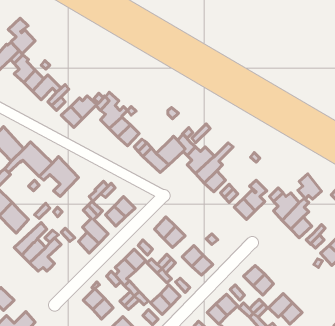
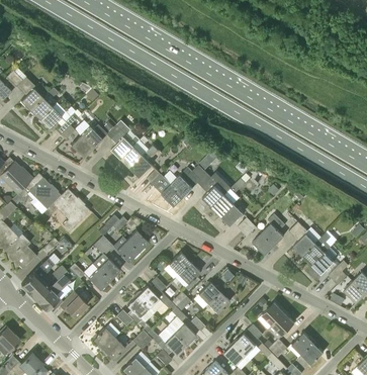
building: [8,18,35,54] -> none
building: [298,174,321,199] -> none
building: none -> [60,291,88,316]

